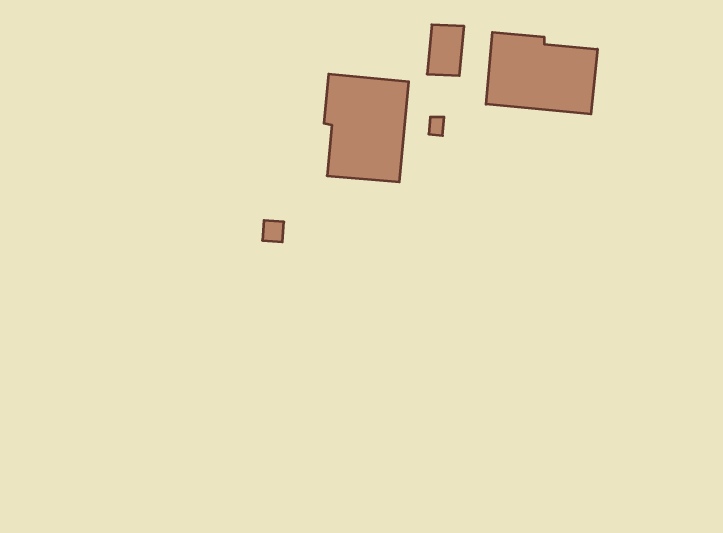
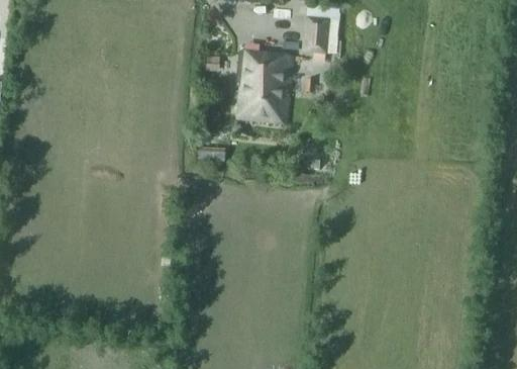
building: [486,32,597,114] -> none

